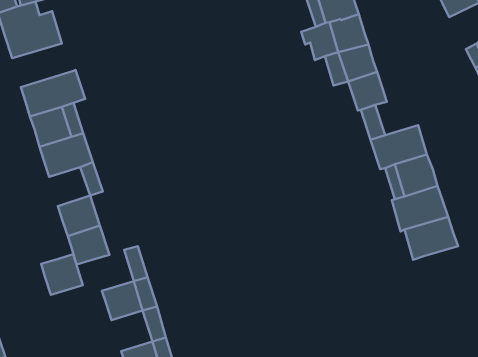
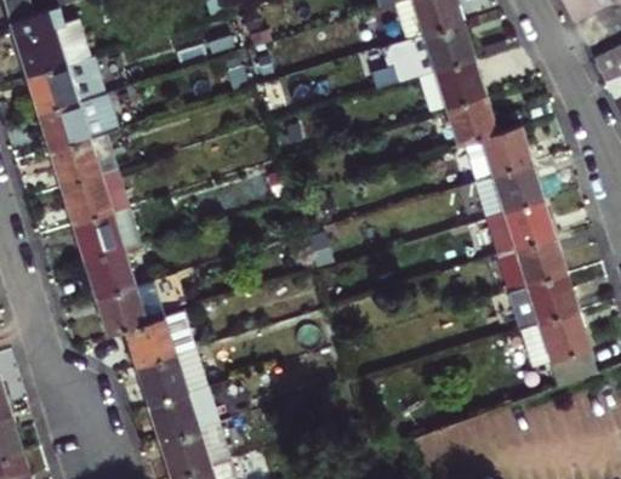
building: none -> [27,57,103,113]
building: none -> [479,122,532,172]
building: none -> [73,212,124,261]
building: none -> [541,310,602,382]
building: [41,254,83,295] -> [126,315,178,366]
building: none -> [150,390,201,441]

